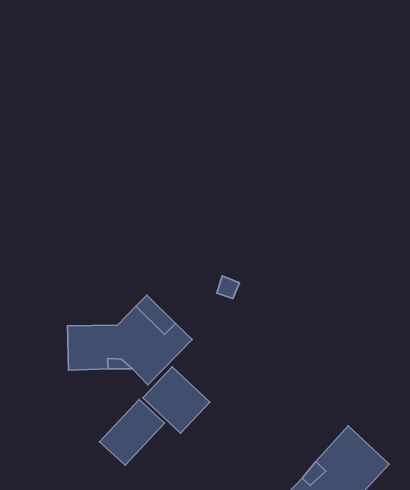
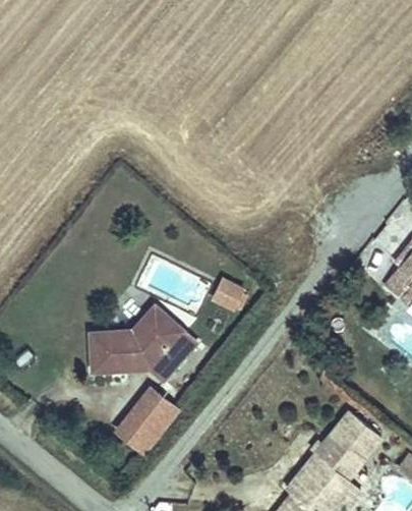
building: [143,367,210,433] -> none

